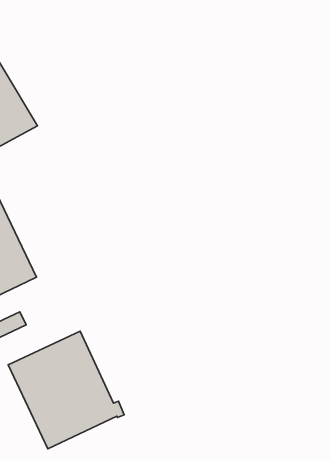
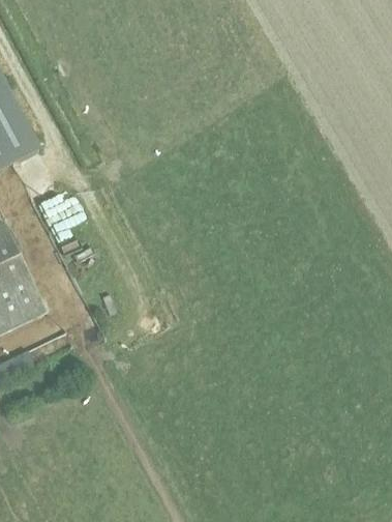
building: [8,331,124,449] -> none

